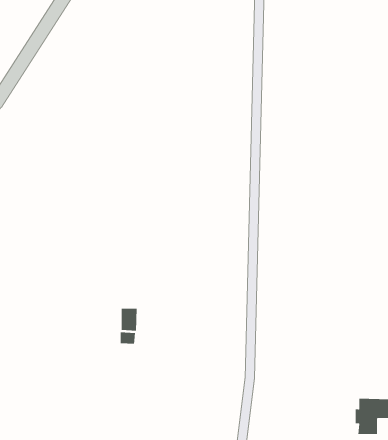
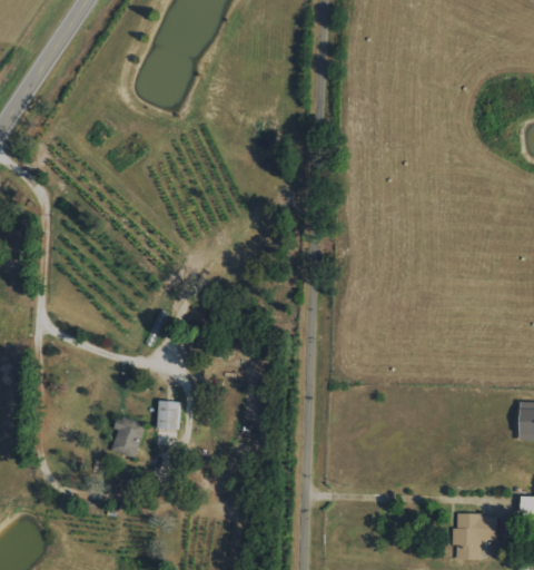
building: none -> [110,415,145,458]

